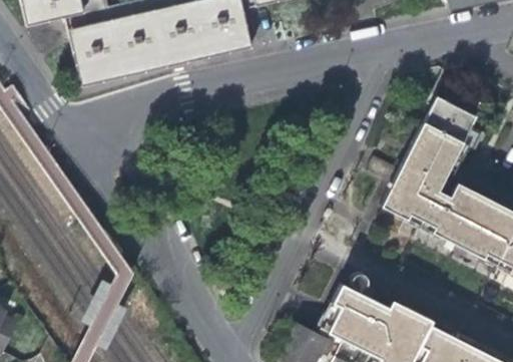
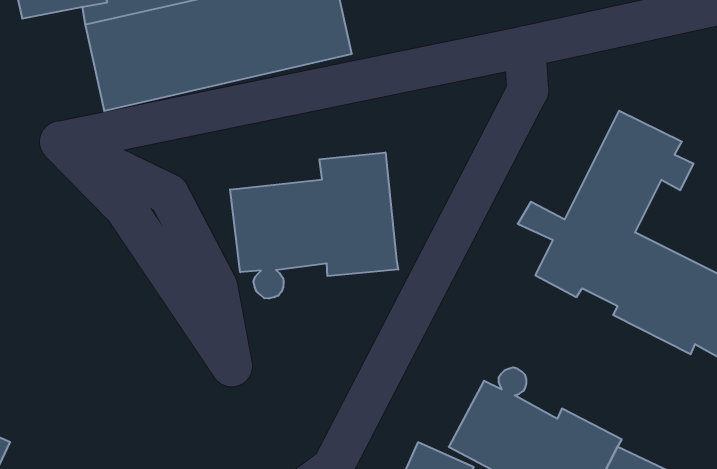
building: none -> [230,152,398,299]

